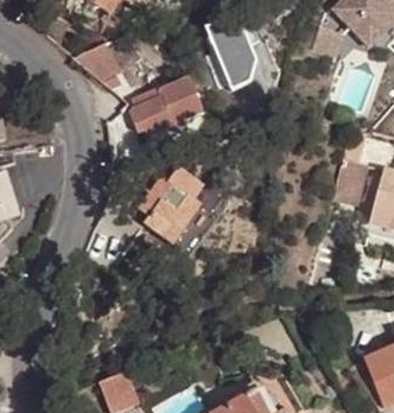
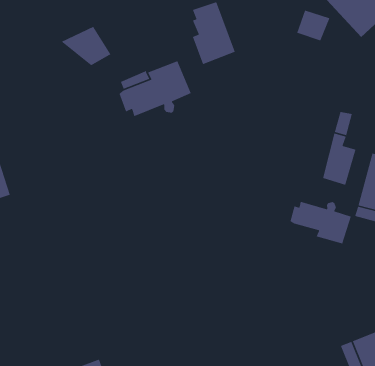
building: [142,167,204,241] -> none
building: none -> [289,201,352,244]

